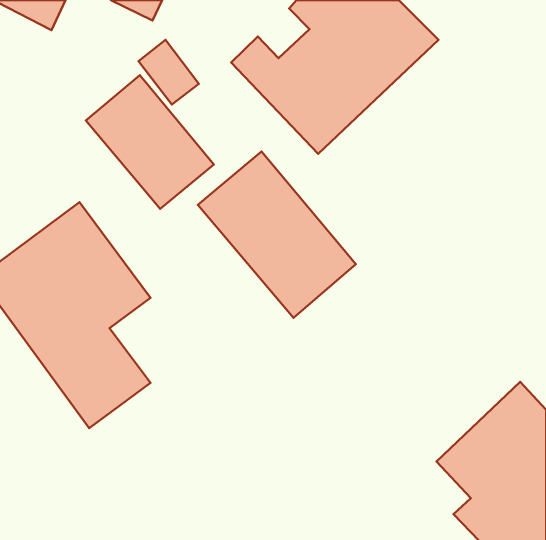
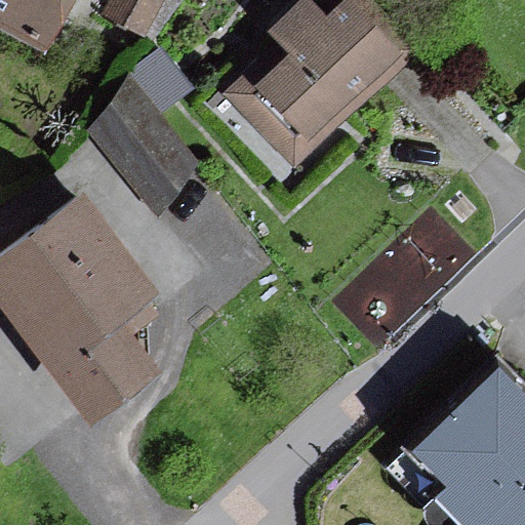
building: [198,151,356,318] -> none

